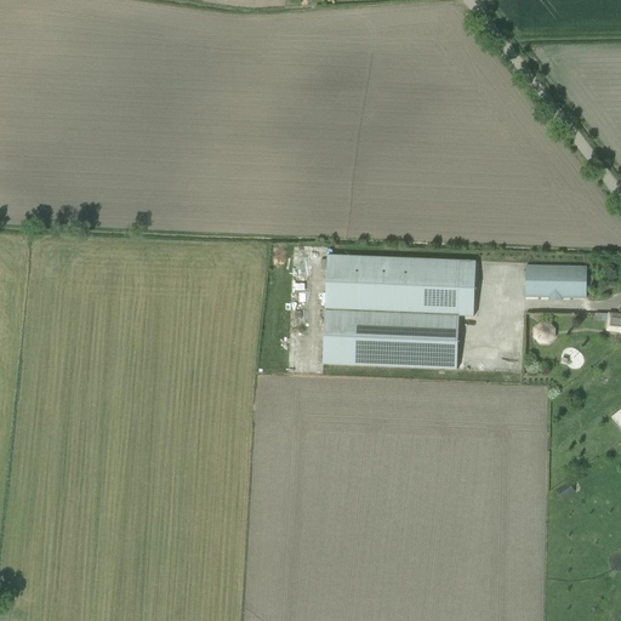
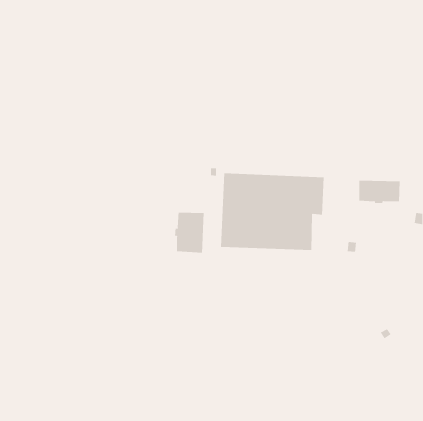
building: none -> [175,212,204,253]

